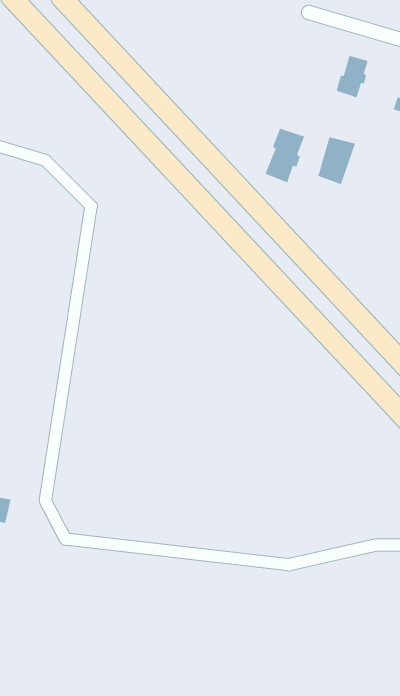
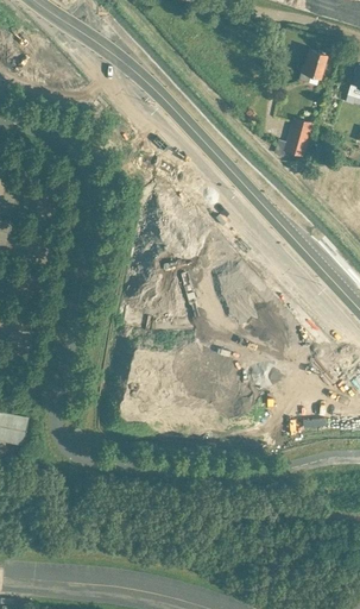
building: [265,128,305,183] -> none

